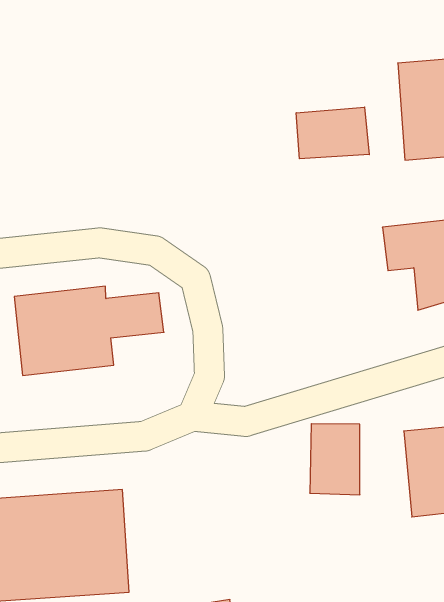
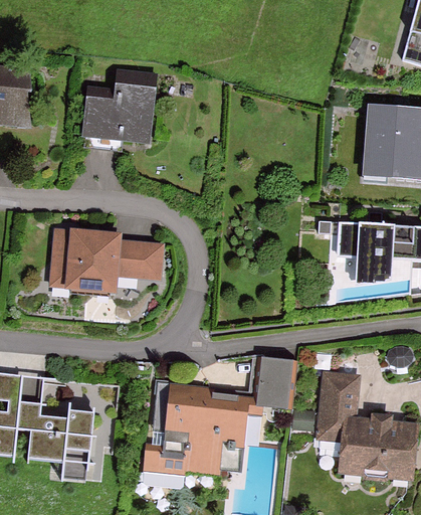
building: none -> [87,72,161,141]
building: [296,107,369,159] -> none
building: none -> [149,392,246,471]

